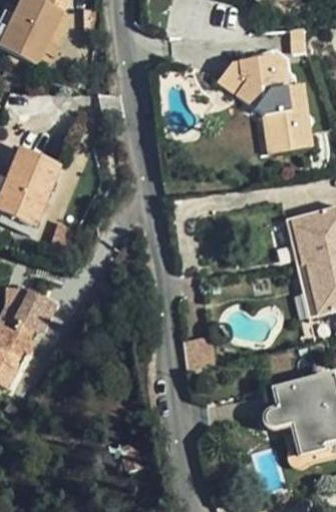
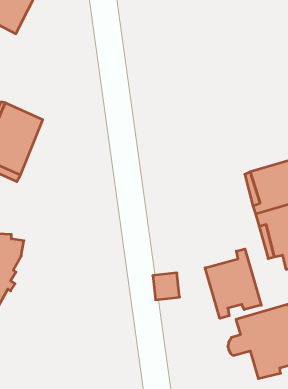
building: [227,56,308,166] -> none
building: none -> [205,249,261,318]

